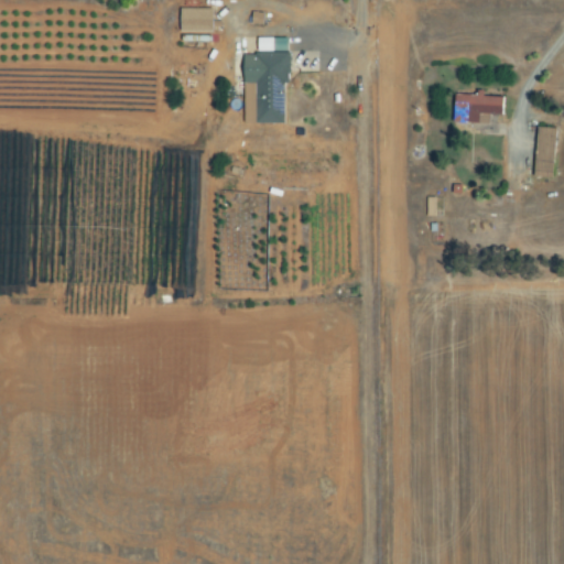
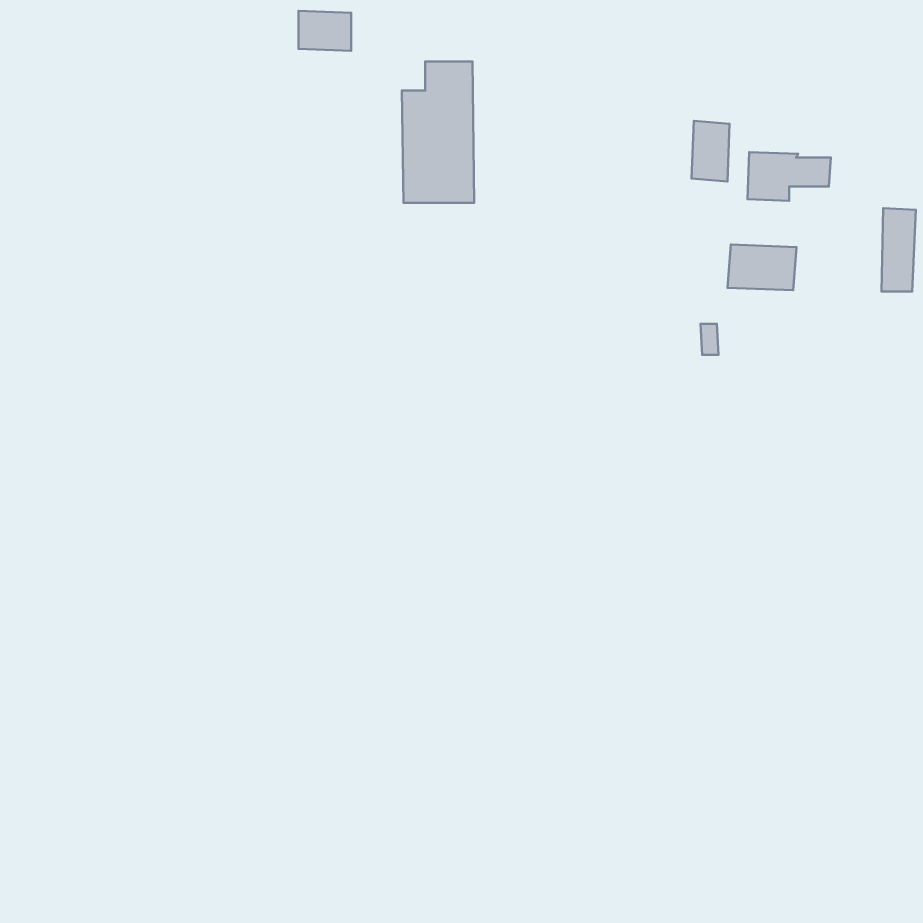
building: none -> [692,121,730,181]
building: none -> [728,245,796,290]

